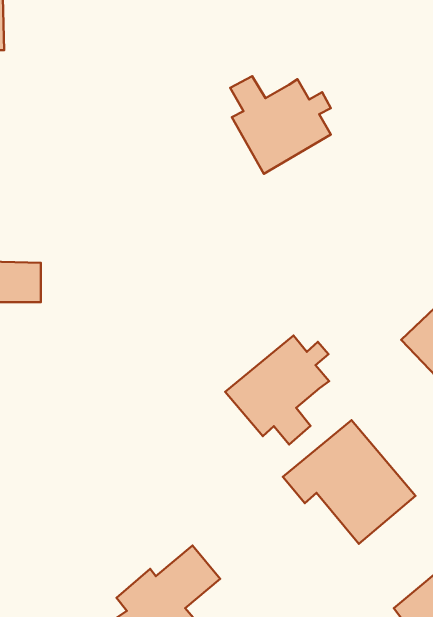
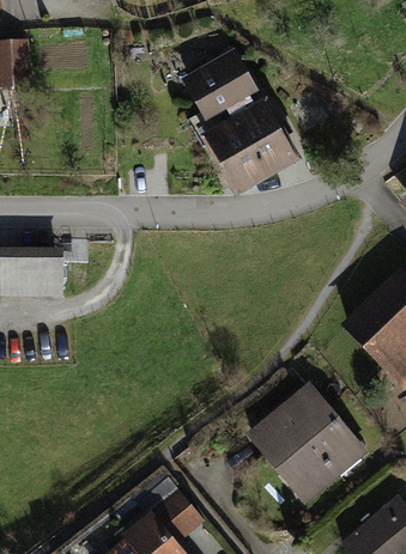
building: none -> [192,62,257,126]
building: [225,336,329,444] -> none

